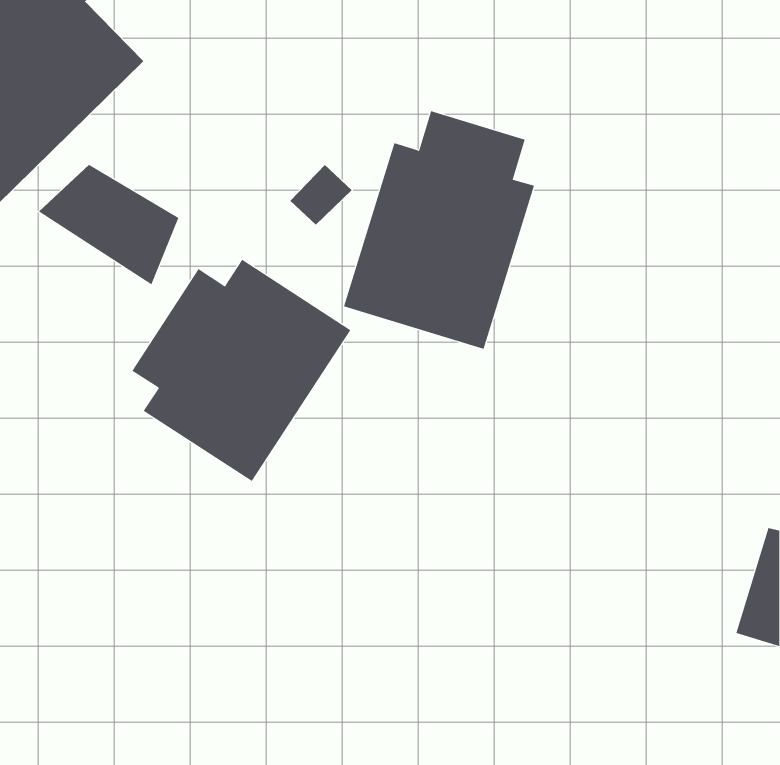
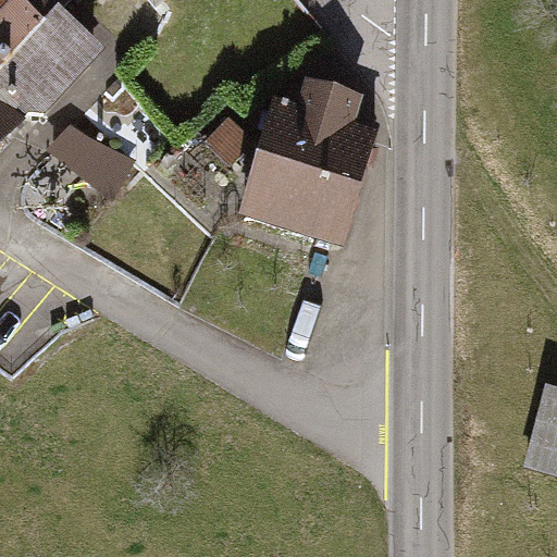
building: [132,259,351,482] -> none

